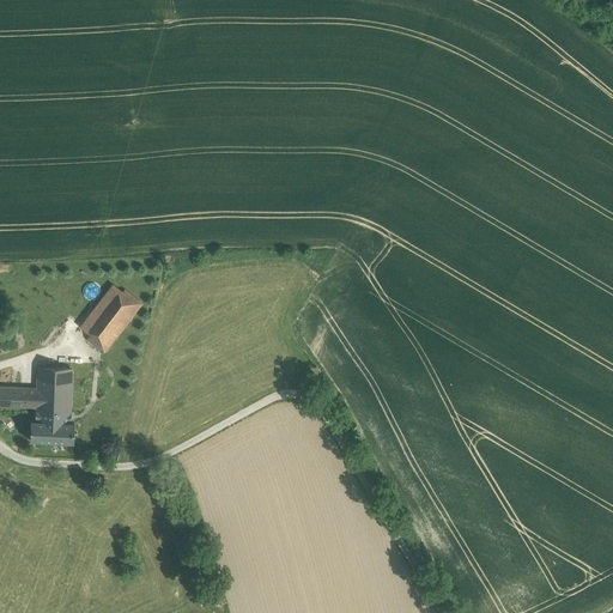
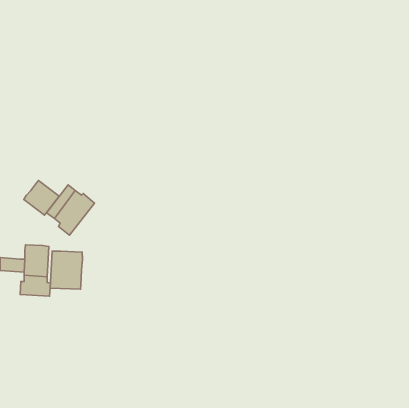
building: none -> [24,181,59,215]
building: none -> [50,251,83,289]

